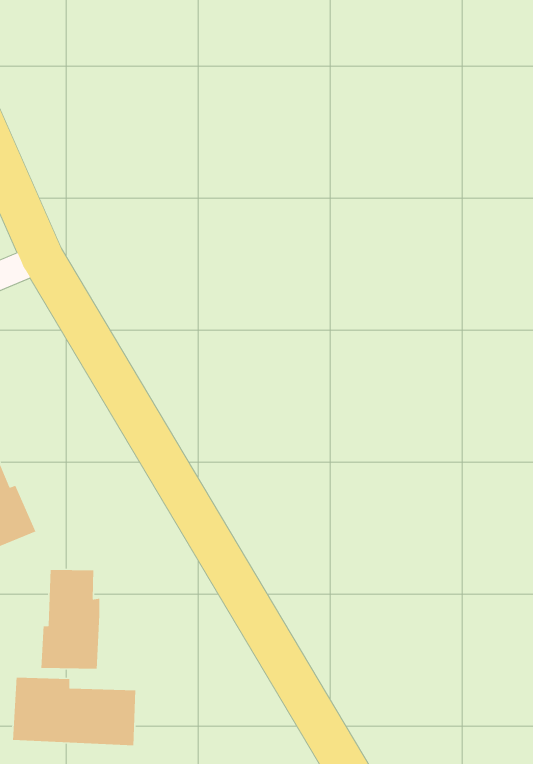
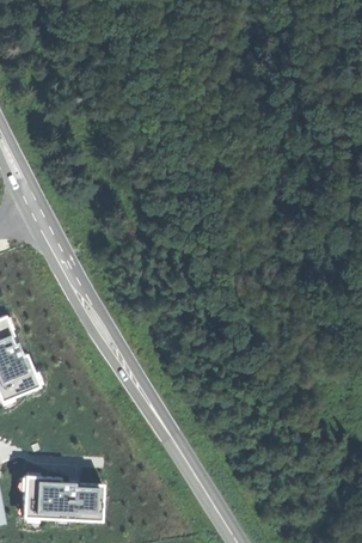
building: [41,569,100,670] -> none

